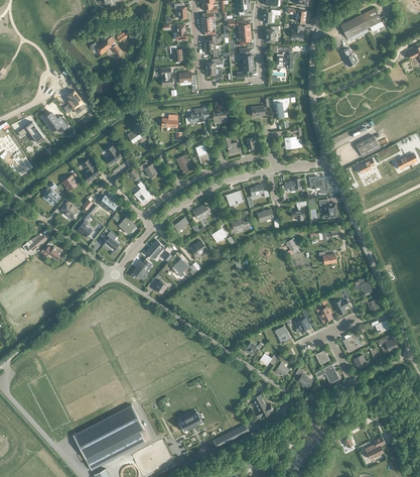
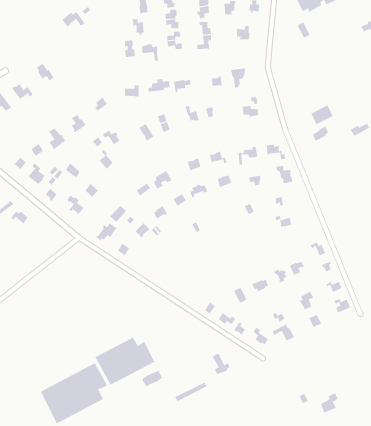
building: none -> [95,337,155,386]

